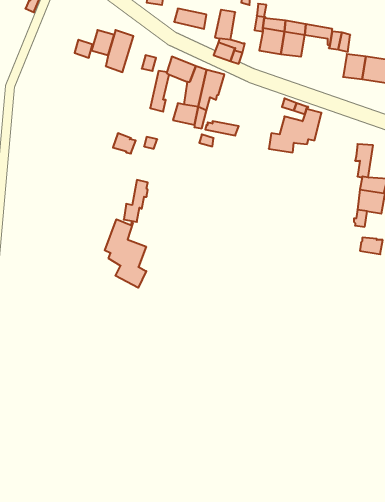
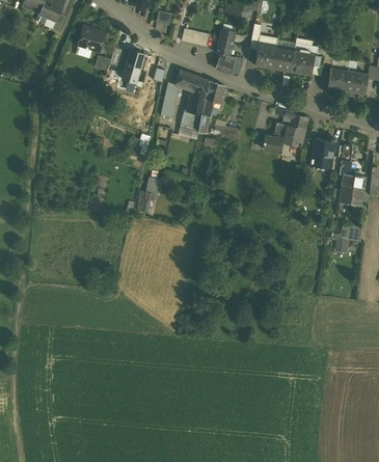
building: none -> [78,27,102,53]
building: none -> [291,52,314,75]
building: none -> [312,140,334,167]
building: [105,219,146,288] -> none

